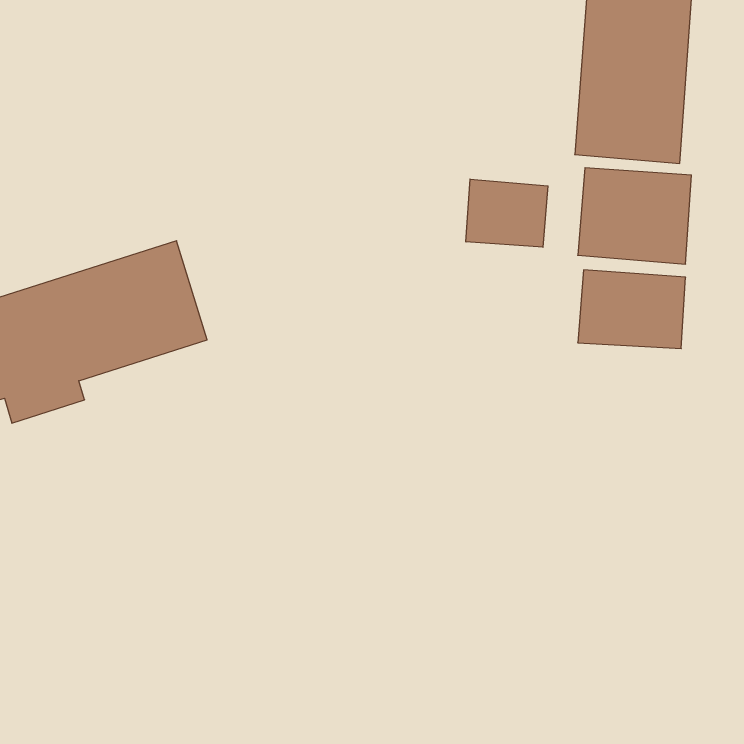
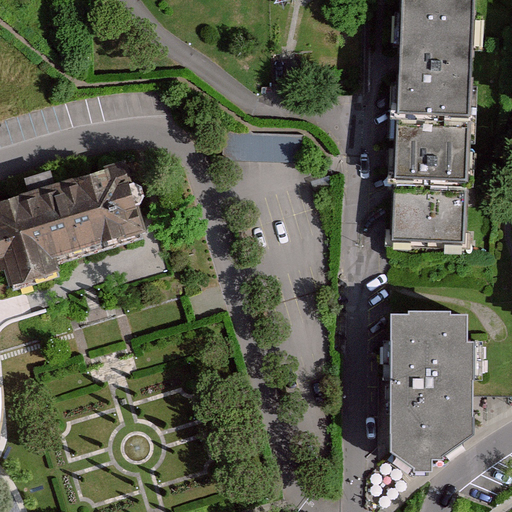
building: [466,179,548,247] -> none
building: none -> [387,311,470,467]

